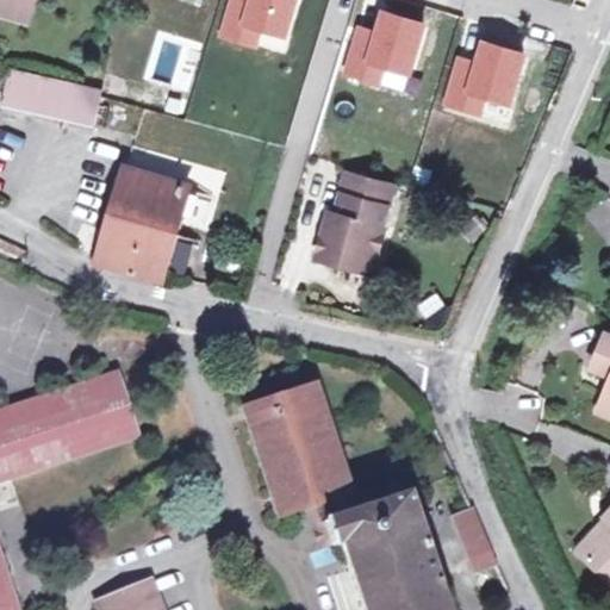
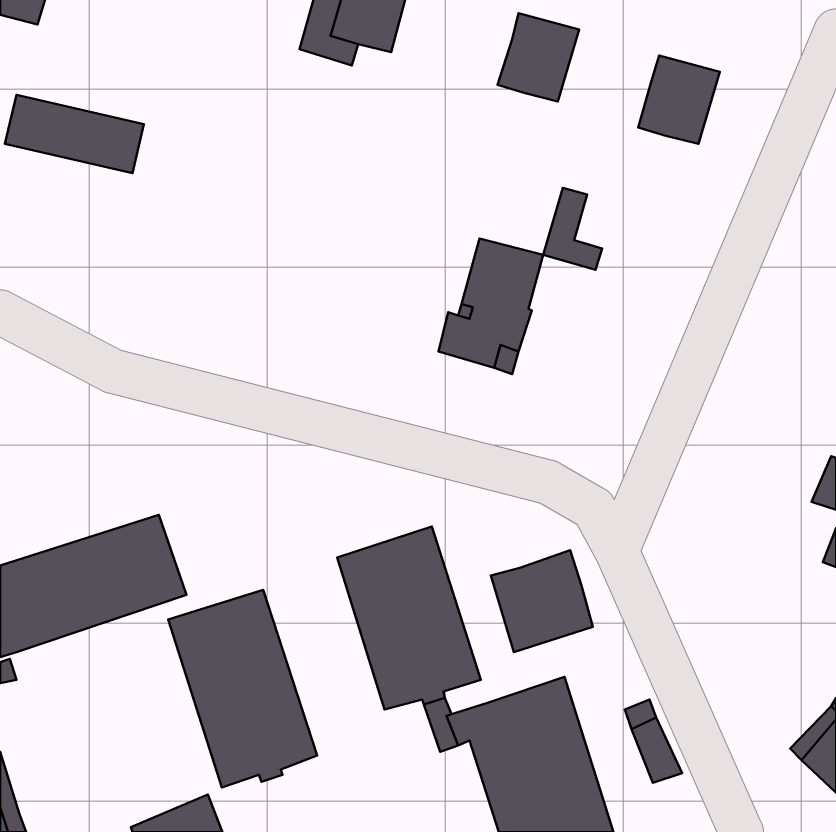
building: [340,23,382,83] -> none
building: [442,55,485,114] -> [543,188,602,270]
building: [98,166,188,278] -> none
building: none -> [491,550,593,652]
building: none -> [168,590,317,787]

